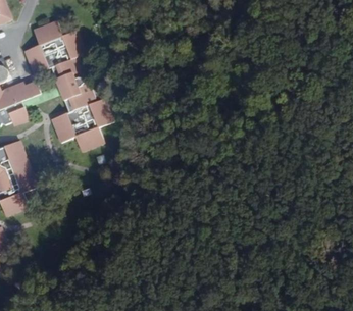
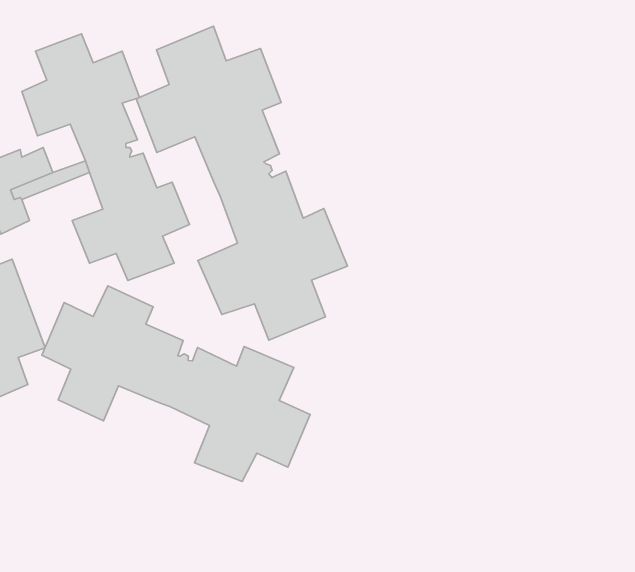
building: none -> [136,26,348,340]
building: none -> [42,286,310,482]

